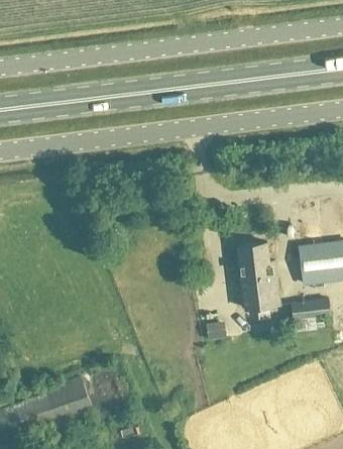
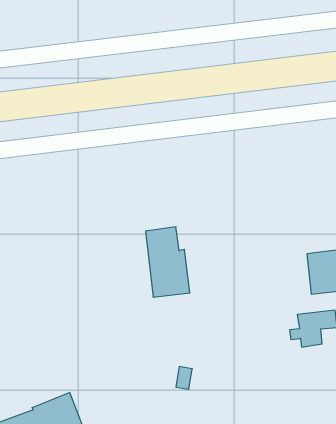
building: [237,243,278,309] -> [146,227,190,297]

